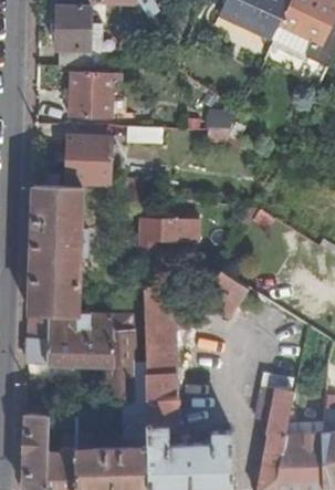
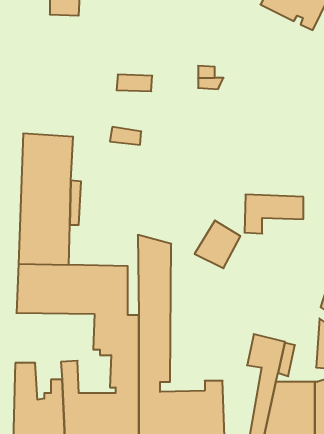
building: [67,74,121,118] -> none
building: [65,137,108,183] -> none
building: [139,220,198,259] -> [244,195,303,234]

